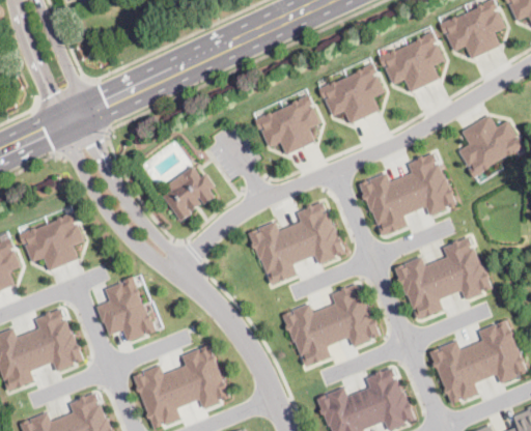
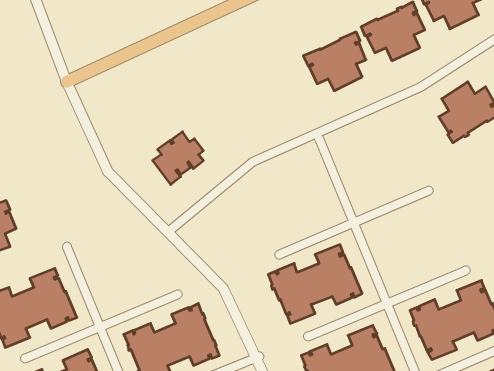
building: [255,94,320,155] -> none
building: [359,153,457,235] -> none
building: [248,202,345,284] -> none
building: [18,211,84,271] -> none
building: [394,237,493,319] -> none
building: [95,277,157,343] -> none

